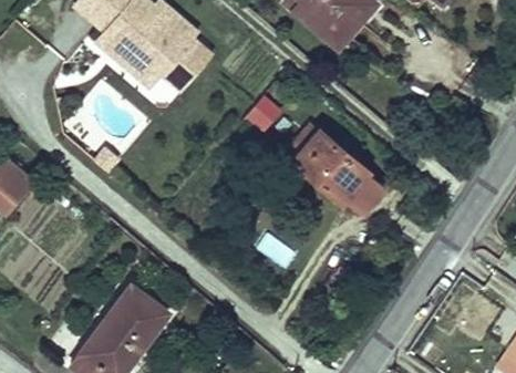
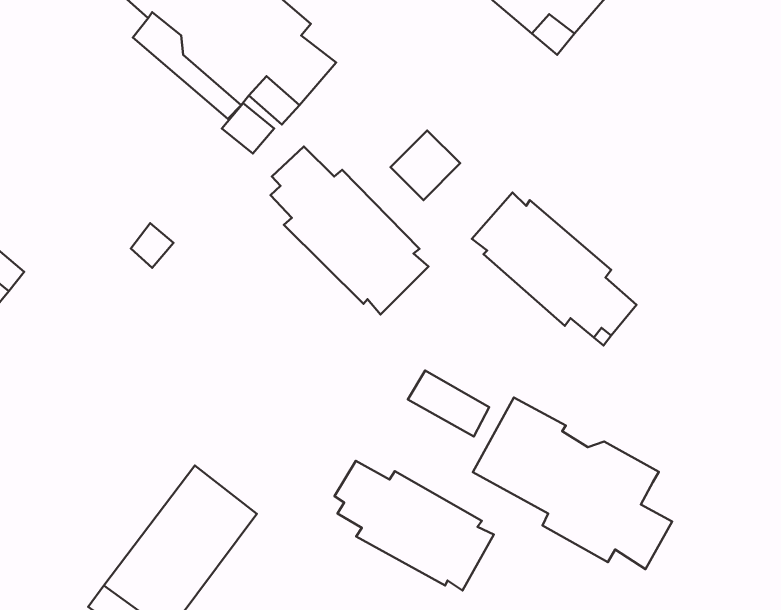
building: none -> [270,147,429,315]
building: none -> [473,398,672,569]
building: none -> [334,461,494,591]

